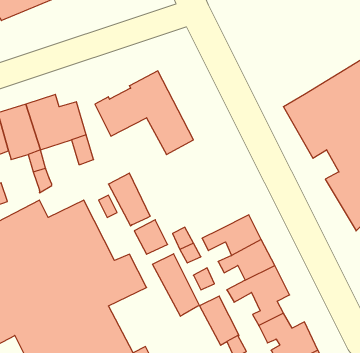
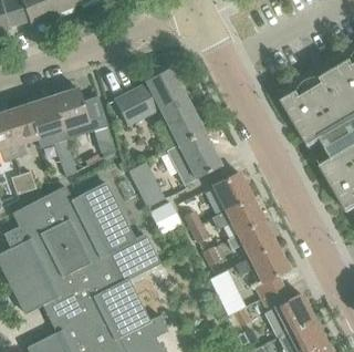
building: none -> [165,130,221,185]
building: none -> [212,173,252,210]
building: [153,254,200,316] -> none

